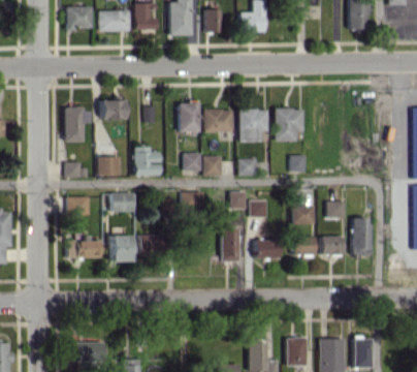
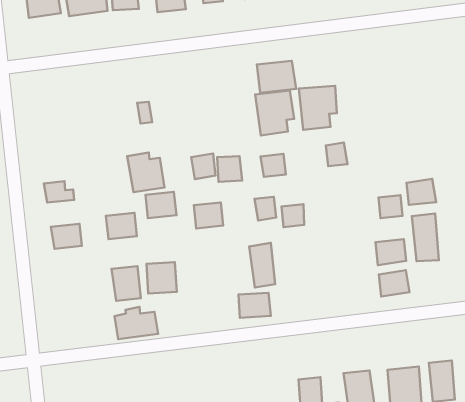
building: [102,100,126,120] -> none
building: [179,103,200,132] -> none
building: [64,108,90,143] -> none
building: [204,110,233,132] -> [257,61,296,93]
building: [98,157,121,176] -> [146,192,176,218]
building: [294,206,316,224] -> [407,179,436,205]
building: [68,236,101,259] -> [114,307,158,339]
building: [294,237,317,255] -> [379,270,410,296]
building: [256,240,281,259] -> [239,293,271,318]

